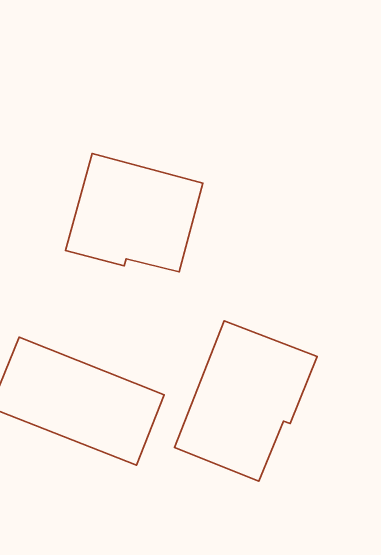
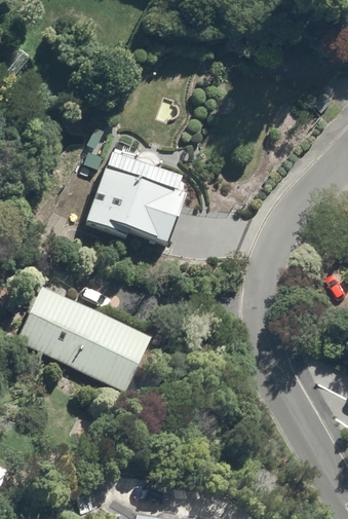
building: [174,321,317,481] -> none

